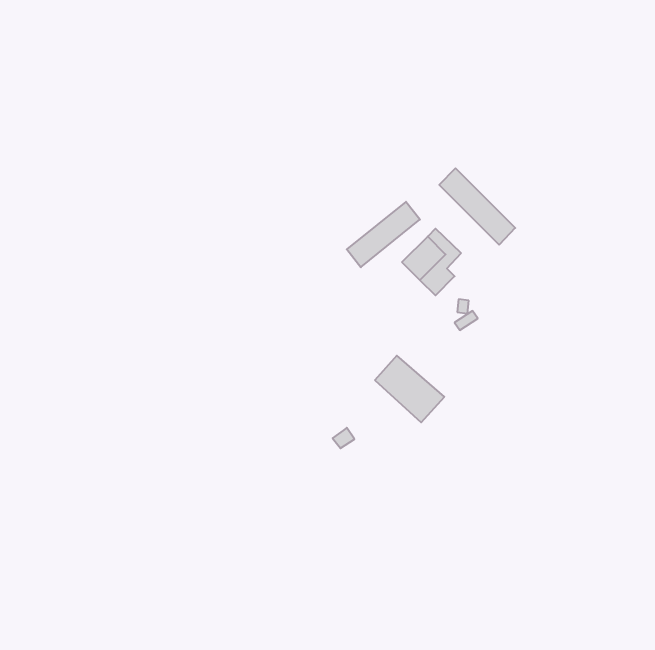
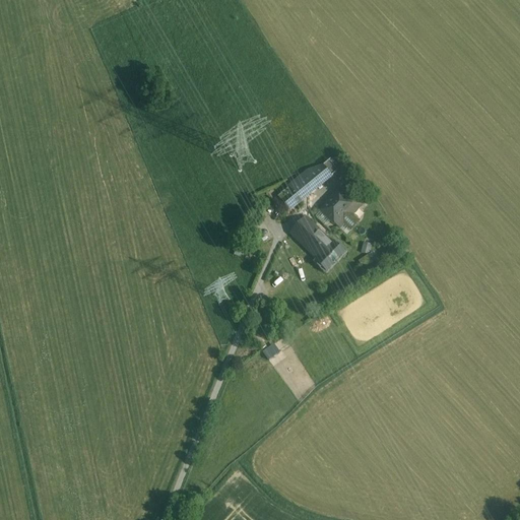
building: [439,168,515,245] -> none
building: [375,356,444,422] -> [290,217,345,270]

